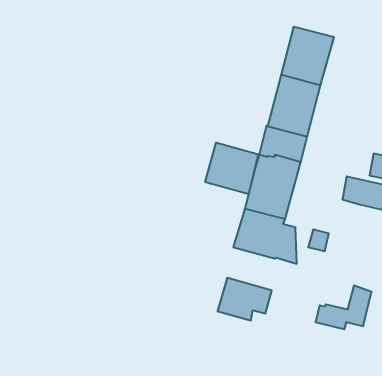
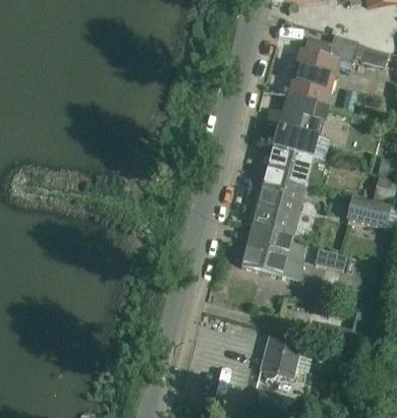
building: none -> [302,34,357,63]
building: [205,143,258,194] -> none
building: [218,278,272,321] -> [260,337,313,378]

